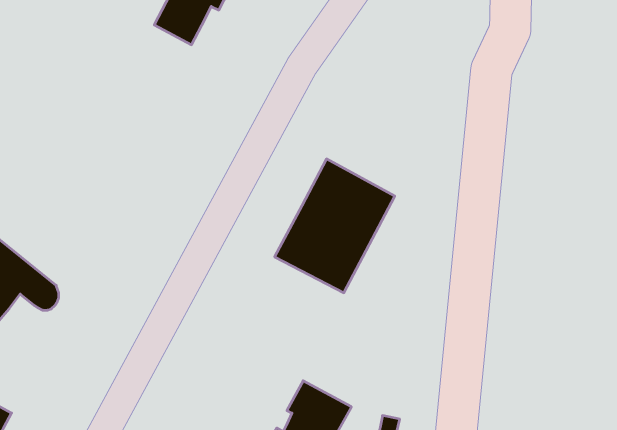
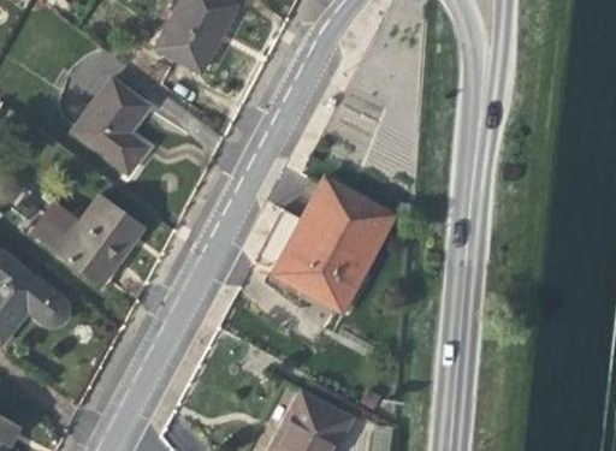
building: none -> [72,79,147,173]
building: none -> [32,197,141,284]

